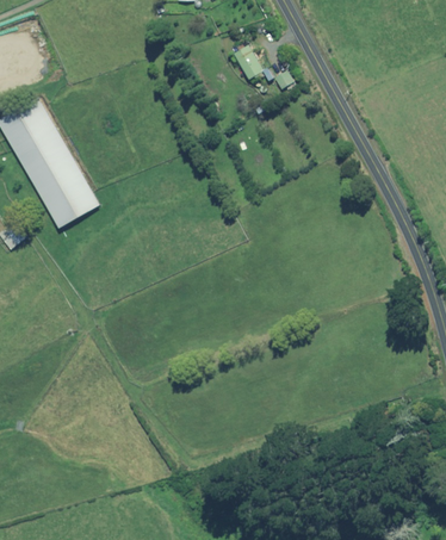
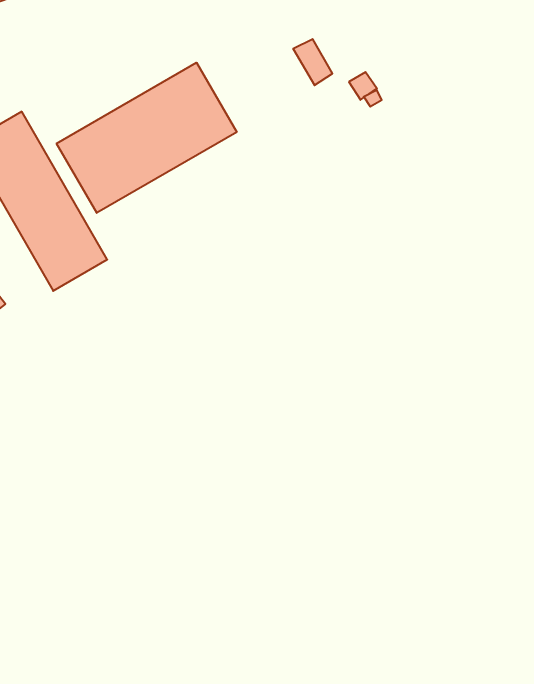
building: none -> [57,63,237,213]

